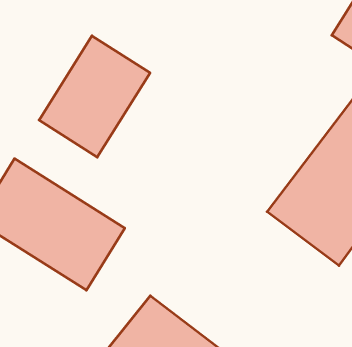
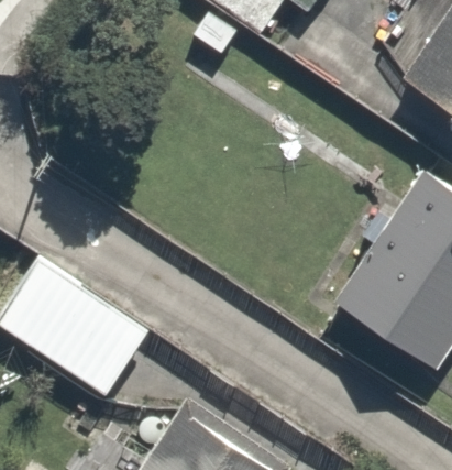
building: [39,36,150,157] -> none

